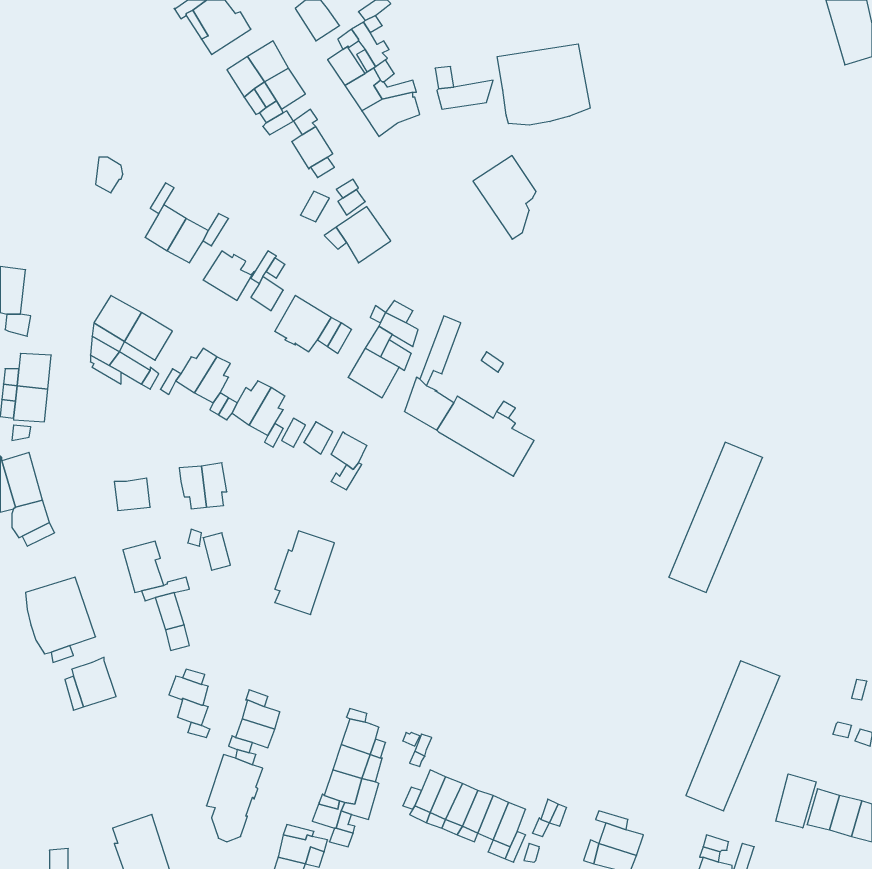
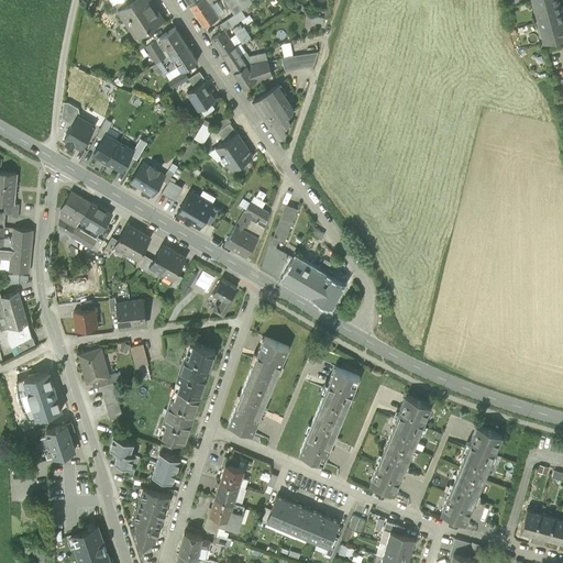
building: [497,44,590,125] -> none
building: [473,156,536,239] -> [253,86,294,140]
building: none -> [64,118,95,150]
building: [669,442,763,592] -> [371,398,431,495]
building: none -> [229,339,289,435]
building: none -> [299,368,360,465]
building: none -> [162,390,200,444]
building: [776,774,816,828] -> none

